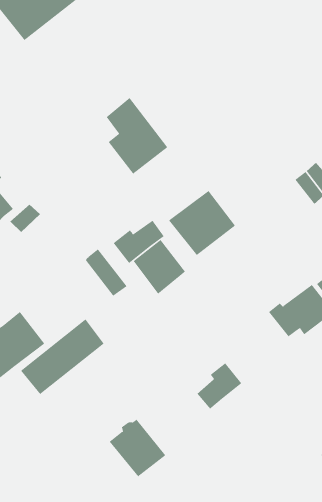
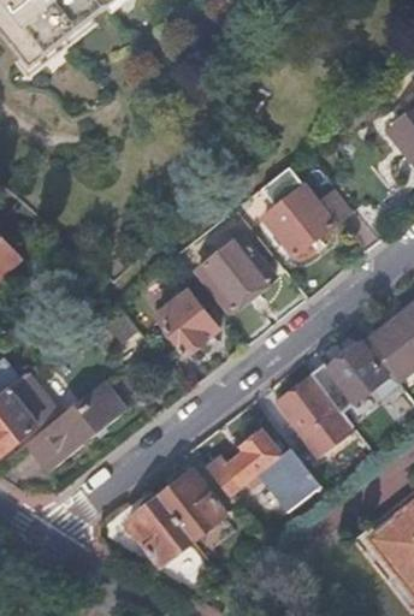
building: [106,97,168,174] -> [260,166,332,255]
building: [113,220,164,264] -> none
building: none -> [276,378,355,460]
building: none -> [258,449,319,513]
building: none -> [159,472,226,540]

